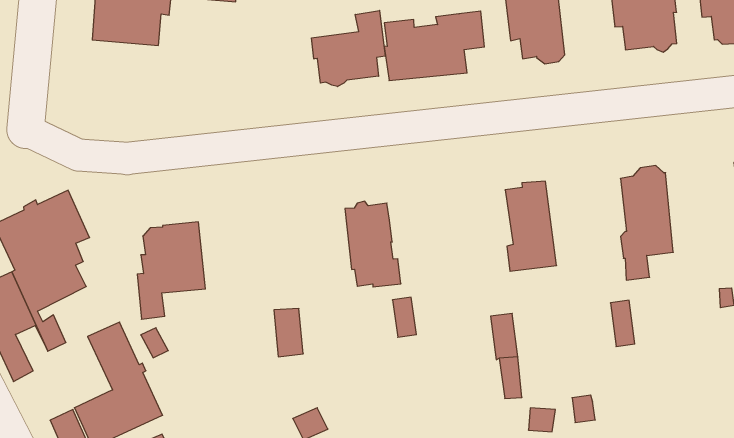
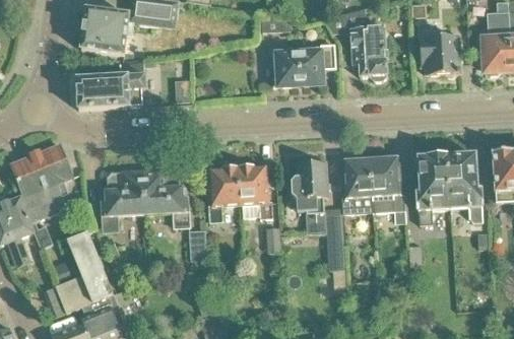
building: [312,10,385,87] -> none
building: none -> [77,61,145,110]
building: none -> [448,155,483,221]
building: none -> [370,156,406,223]
building: none -> [292,160,328,233]
building: none -> [209,164,241,222]
building: none -> [143,168,189,227]

